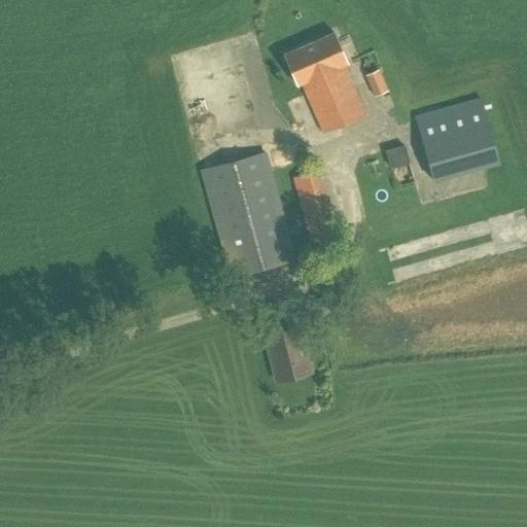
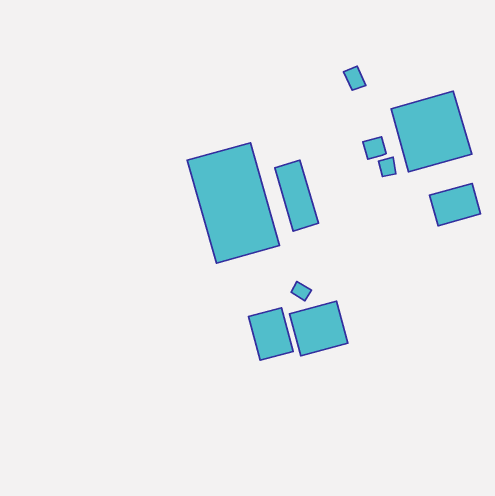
building: [284,32,366,133] -> none
building: none -> [430,183,481,226]
building: none -> [289,301,348,356]

